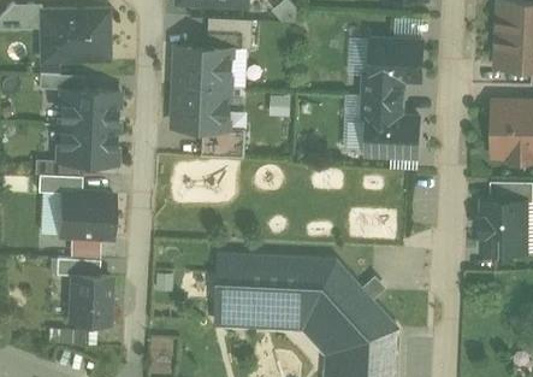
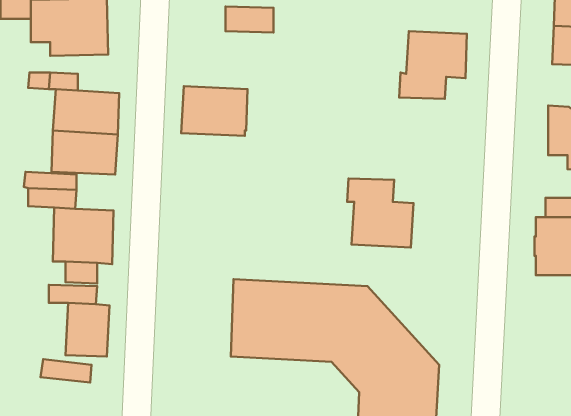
building: [174,46,231,89] -> none
building: [361,96,419,157] -> [347,178,413,247]

